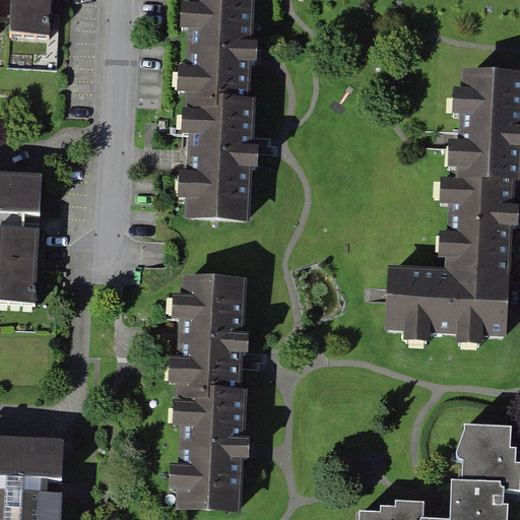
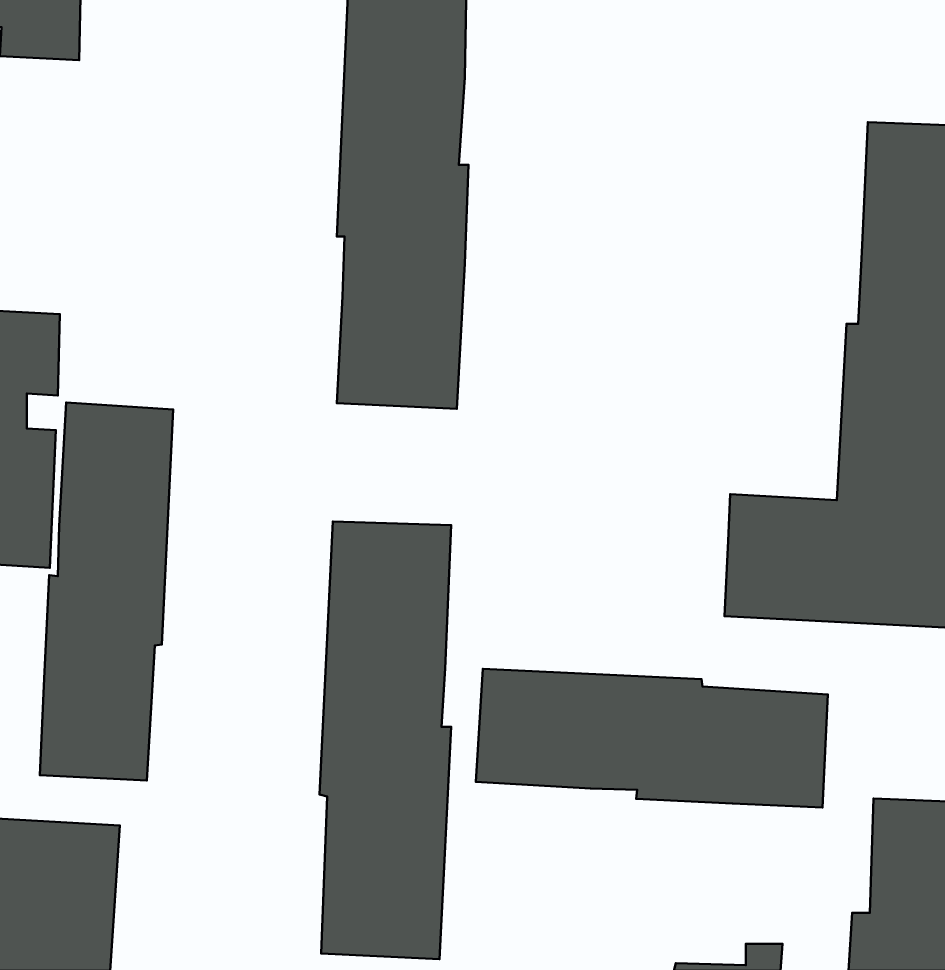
building: none -> [40,403,173,780]
building: none -> [476,669,828,808]

